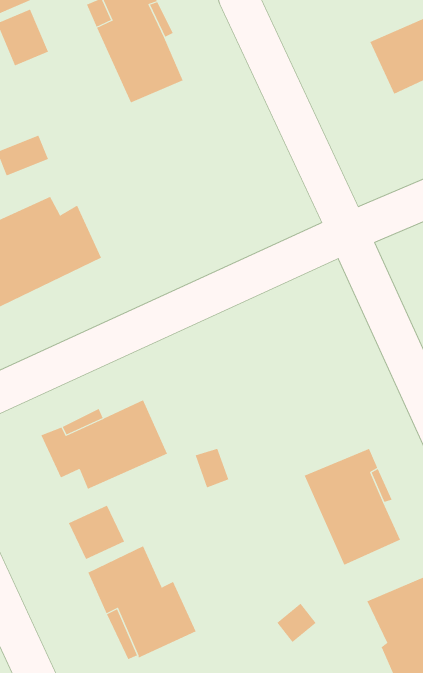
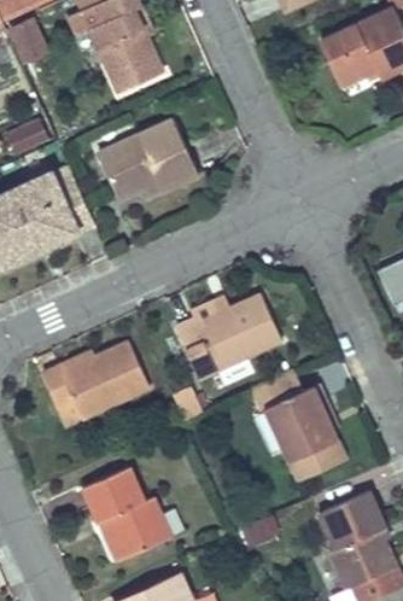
building: none -> [97,121,198,200]
building: none -> [175,294,282,372]
building: [68,505,125,560] -> none

